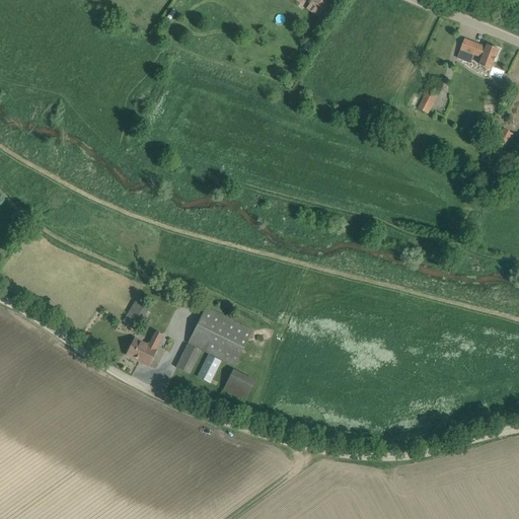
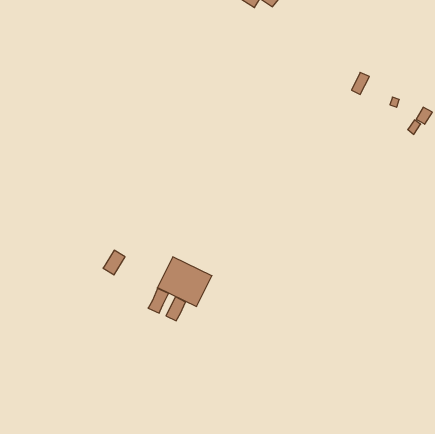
building: [461,38,500,68] -> none
building: [126,329,163,365] -> none
building: [222,368,253,398] -> none

